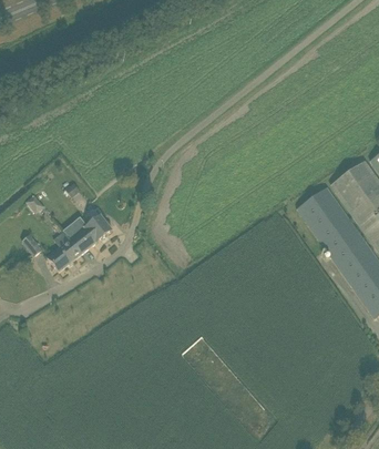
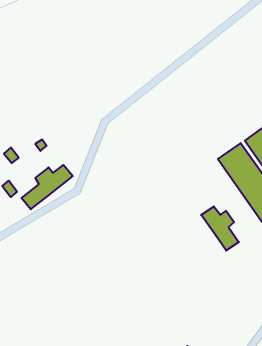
building: none -> [201,206,239,251]

